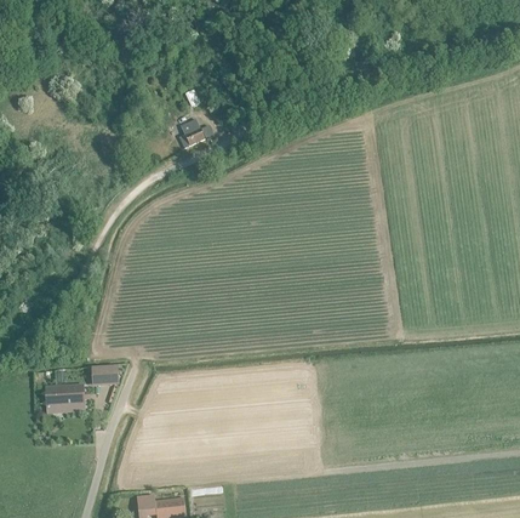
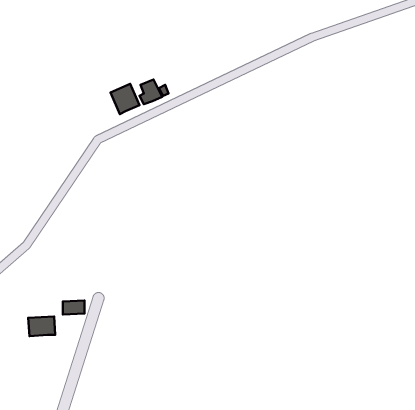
building: none -> [110,84,140,114]

